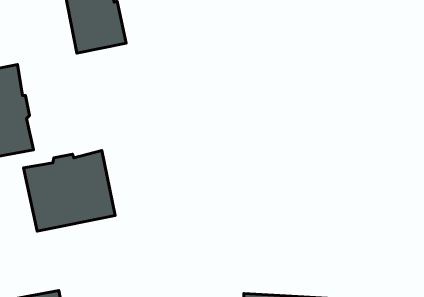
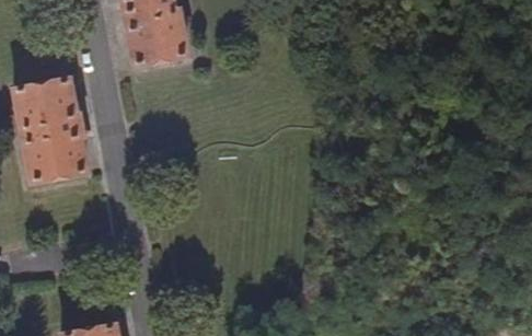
building: [24,150,115,231] -> none

